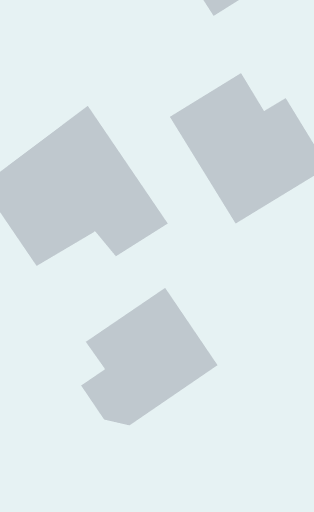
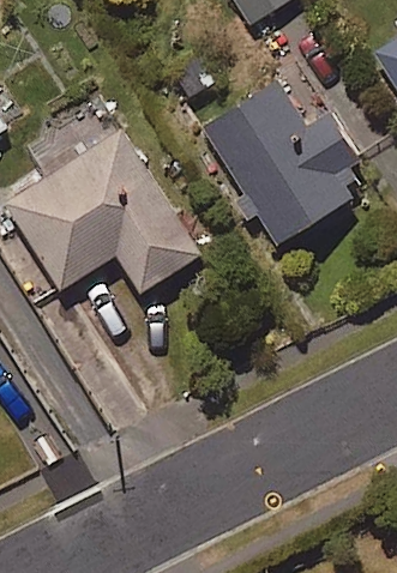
building: [80,287,218,426] -> none

